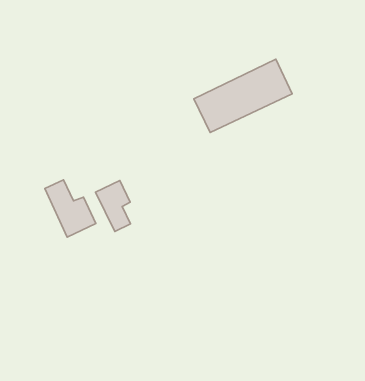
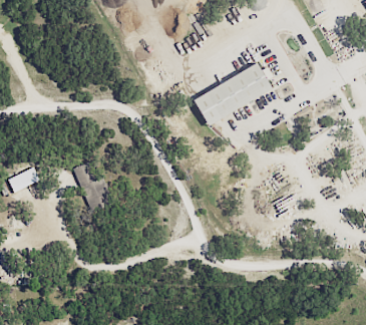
building: [96,181,131,232] -> none

